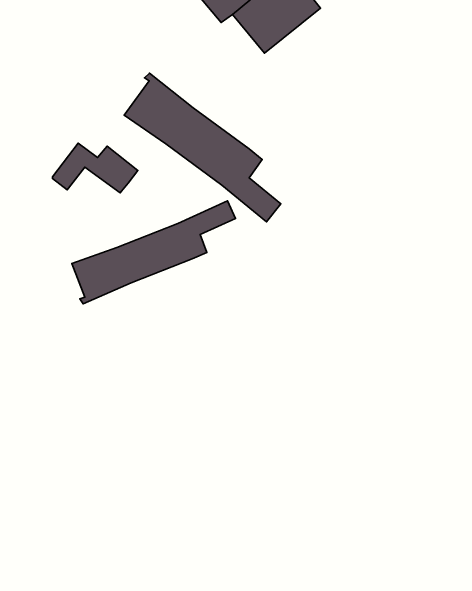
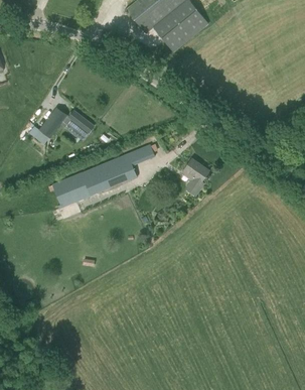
building: [124,73,281,222] -> none
building: none -> [182,158,209,196]

